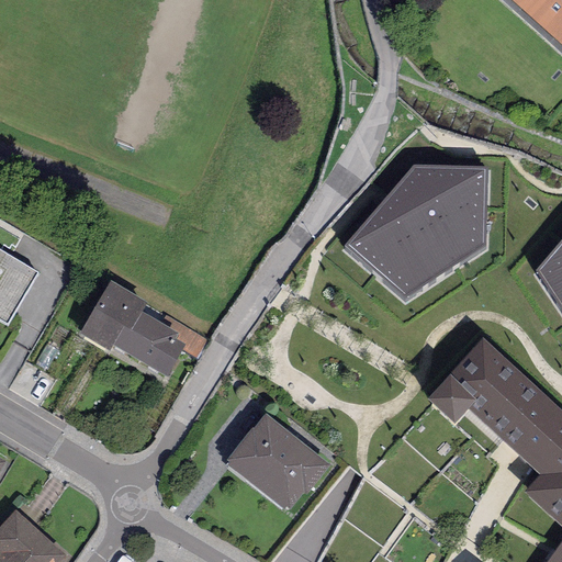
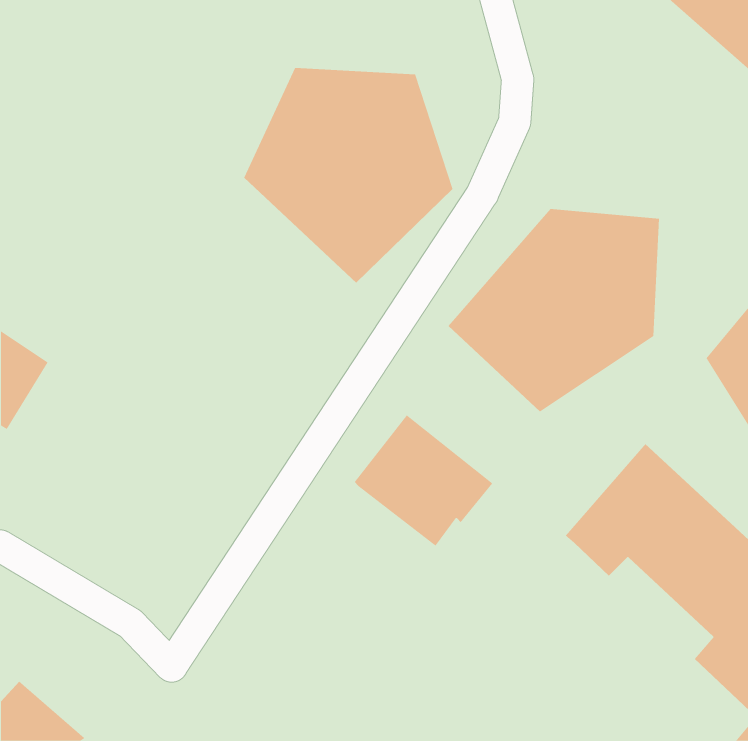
building: none -> [243,67,453,283]
building: [79,280,186,374] -> none
building: [226,412,330,510] -> [354,414,493,547]

